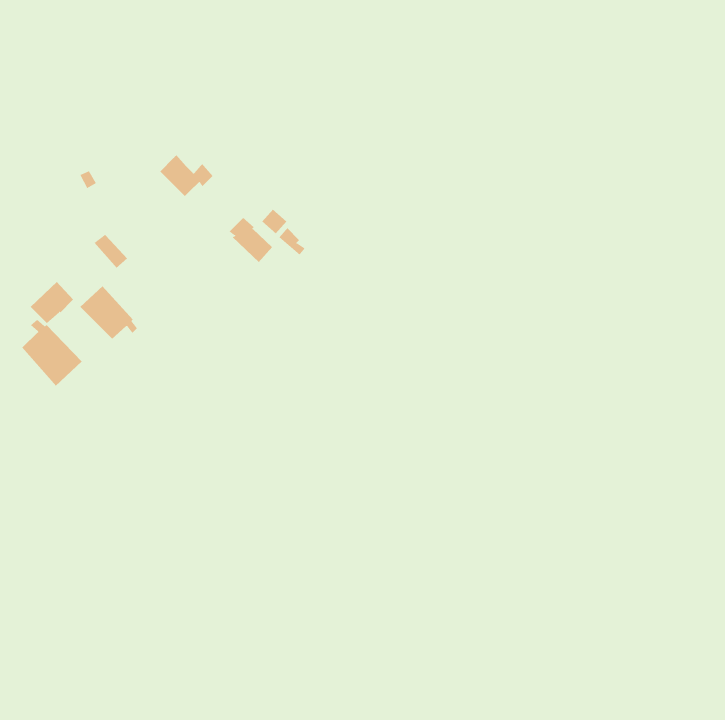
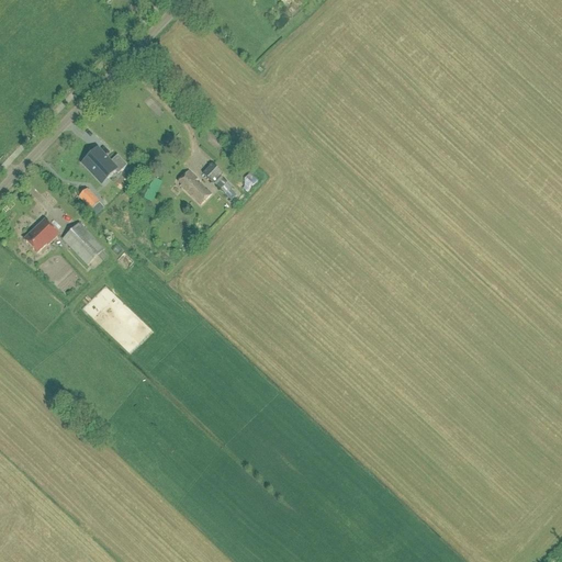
building: [159,154,213,197] -> [83,146,125,179]
building: [22,319,82,387] -> none

